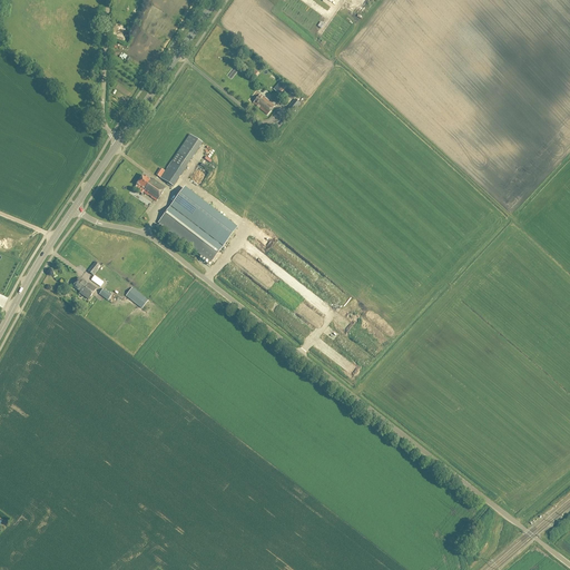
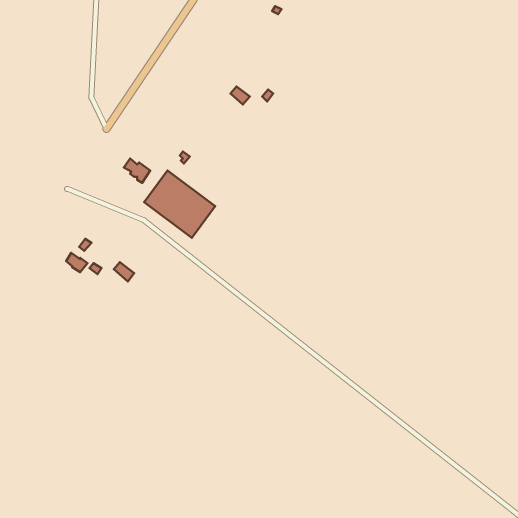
building: [159,134,202,185] -> none

